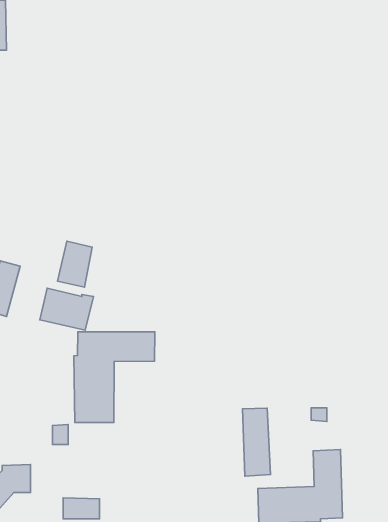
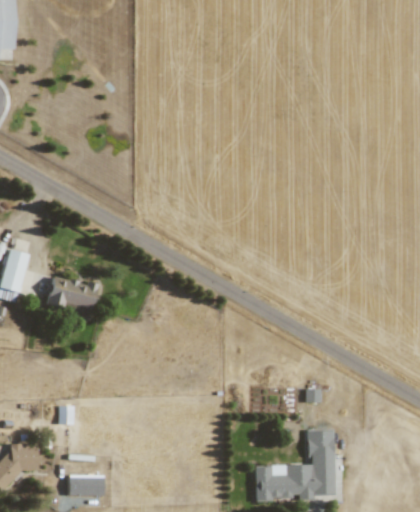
building: [58,241,92,287] -> none
building: [74,332,155,423] -> none
building: [243,408,271,476] -> none

